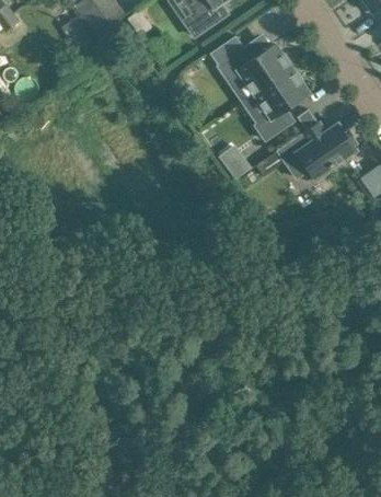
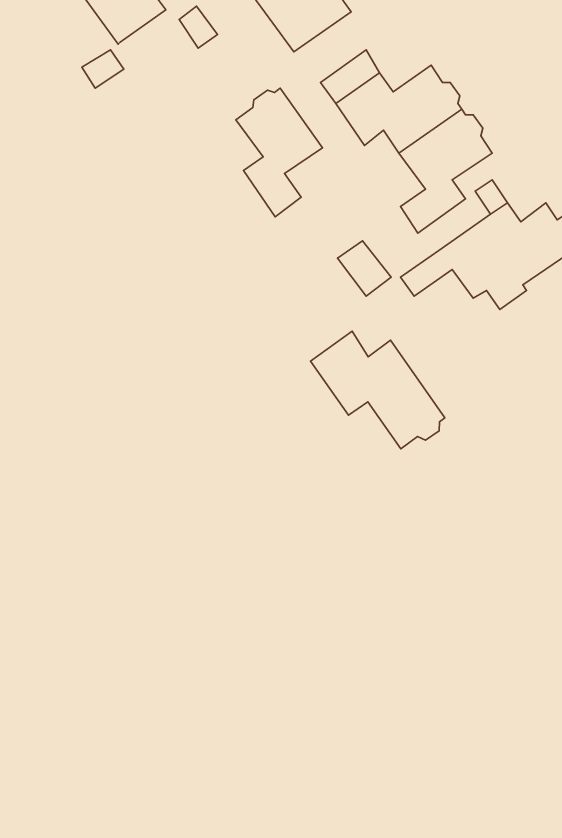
building: none -> [236,88,323,217]
building: none -> [311,331,445,449]

